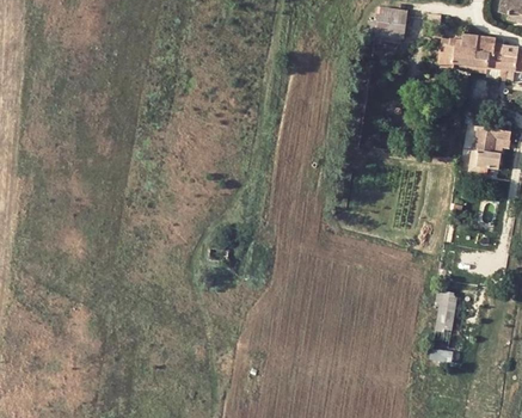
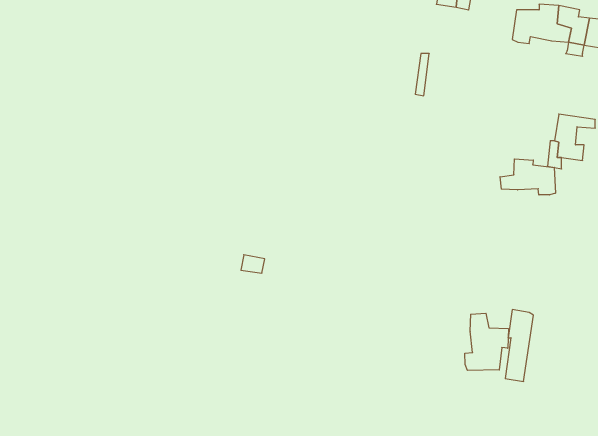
building: none -> [500,159,555,195]
building: none -> [465,313,508,370]

